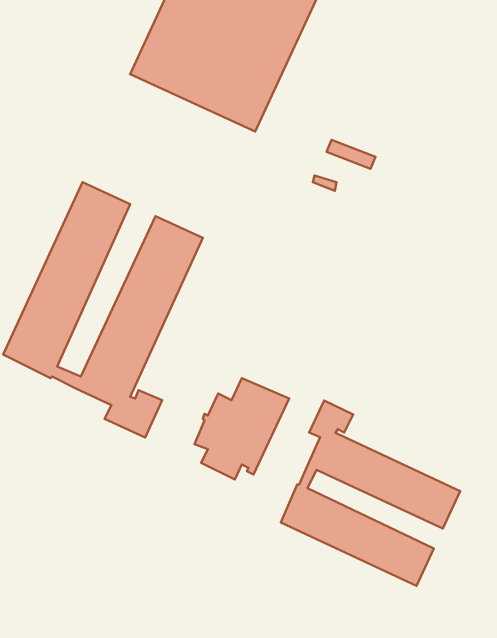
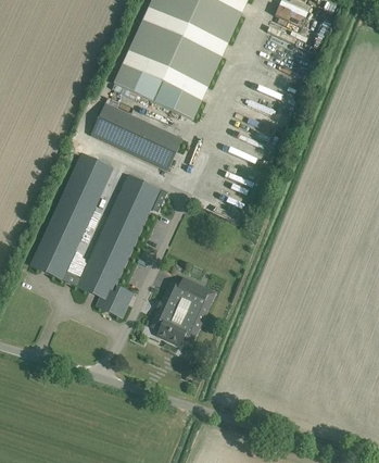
building: none -> [90,101,182,170]
building: [281,401,460,586] -> none

